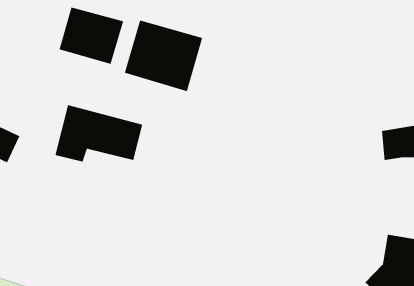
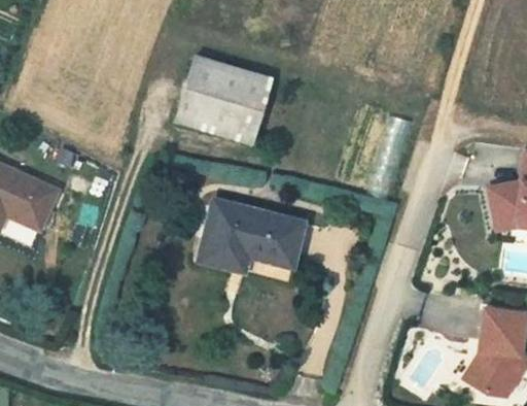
building: [58,6,124,65] -> none
building: [55,104,143,162] -> [196,201,301,270]

